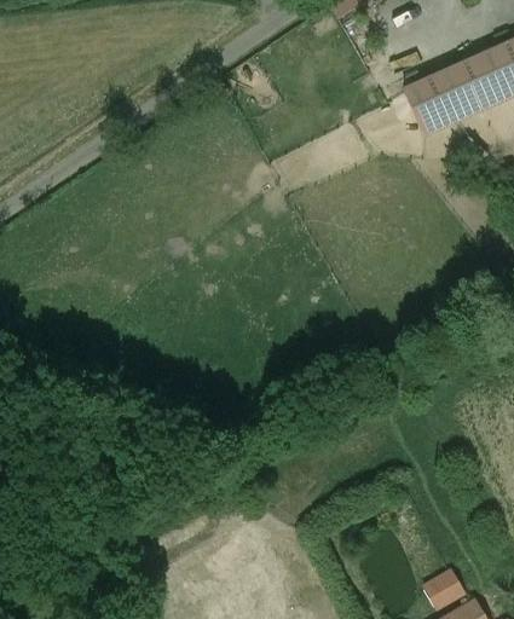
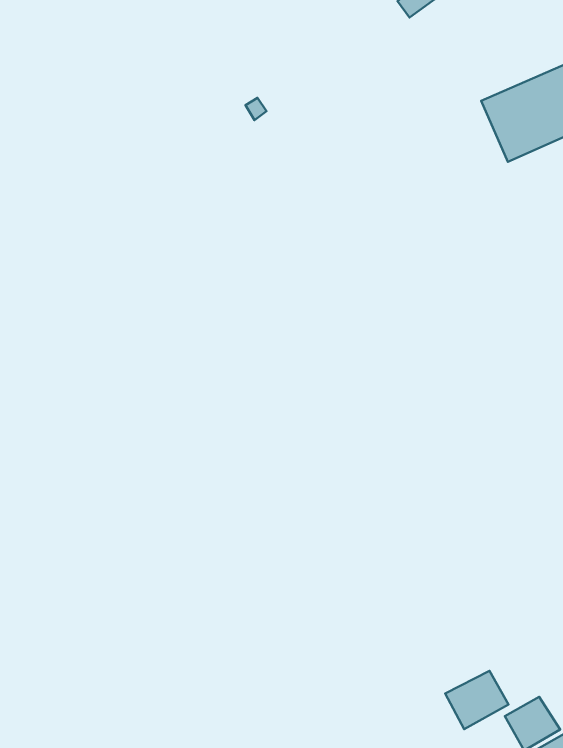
building: none -> [445,671,508,729]

